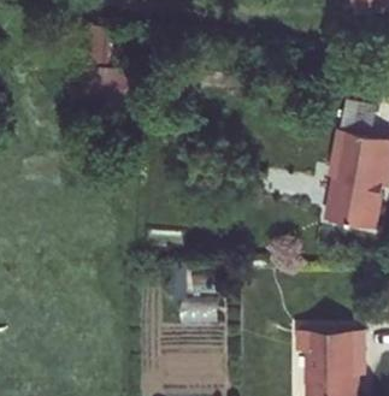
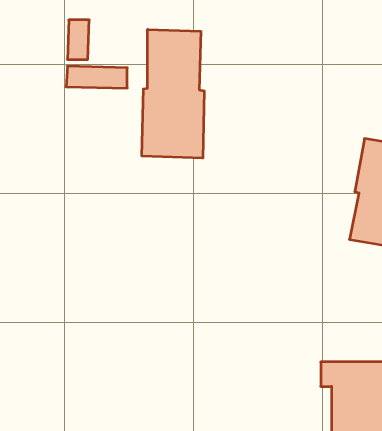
building: none -> [142,29,204,158]

